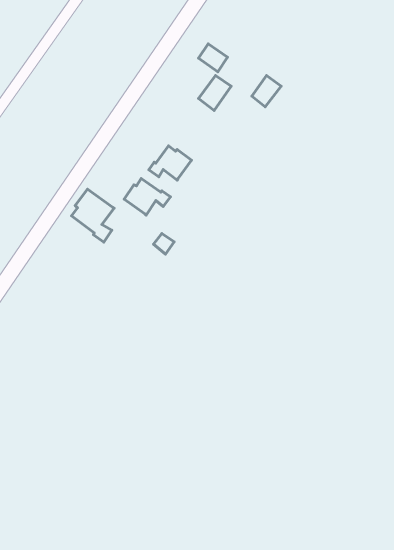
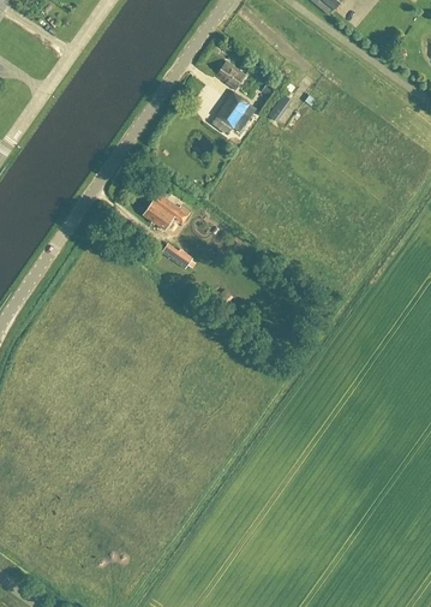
building: [149,146,191,180] -> none
building: [71,189,114,242] -> none

